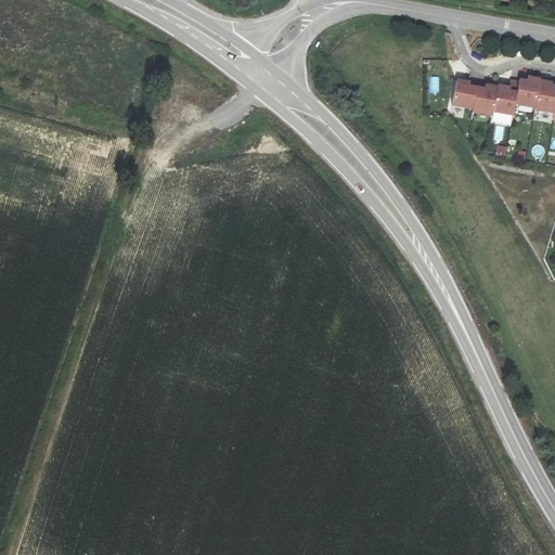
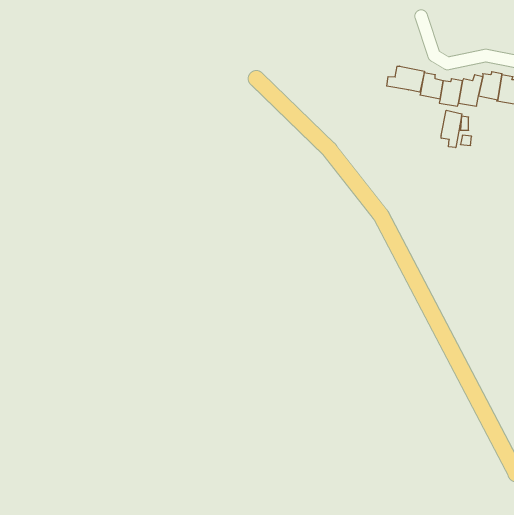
building: none -> [387,66,424,92]
building: none -> [441,110,462,148]

